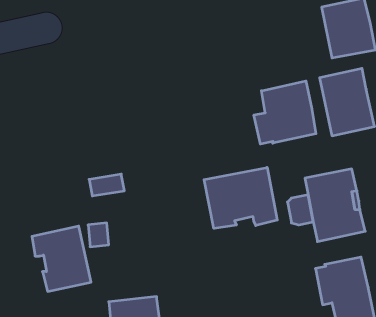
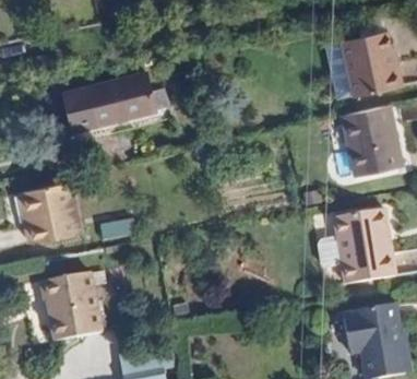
building: none -> [64,70,168,140]
building: [254,81,316,144] -> none
building: none -> [21,179,80,240]
building: [204,167,277,228] -> none

